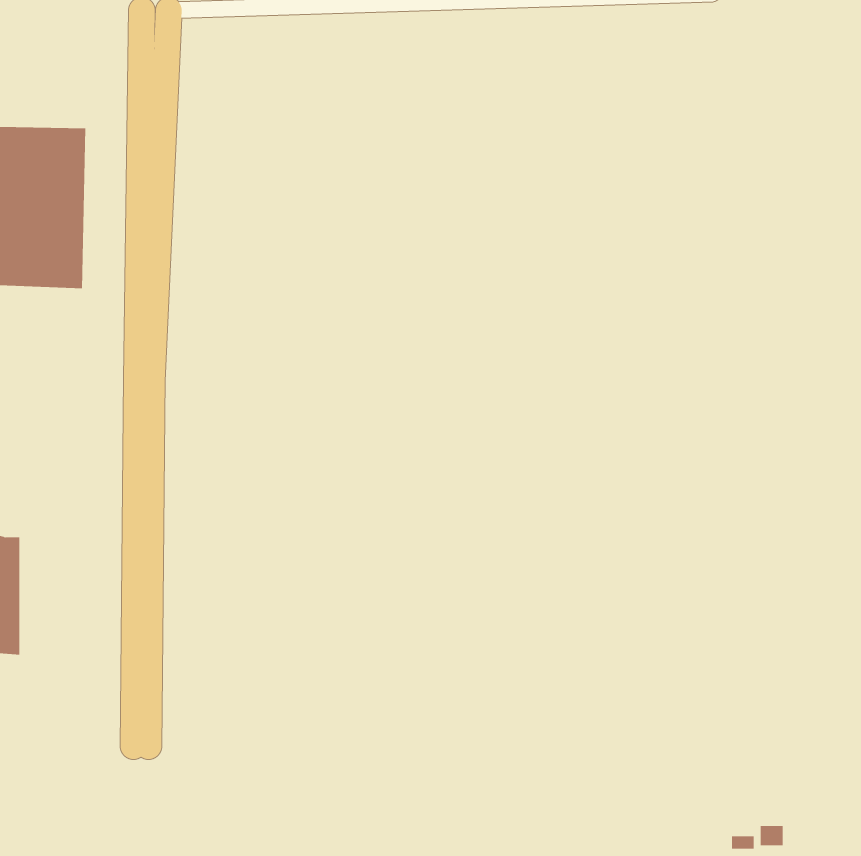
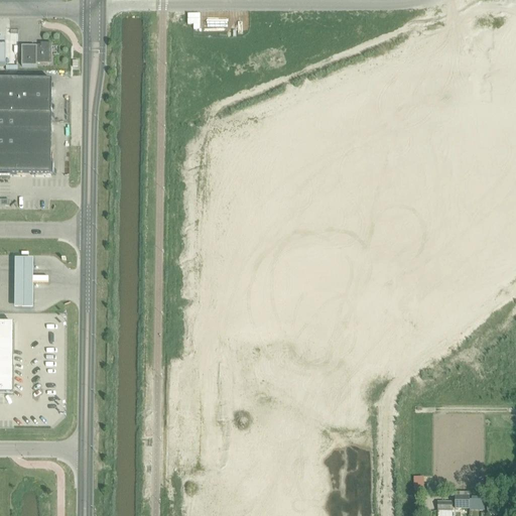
building: none -> [20,40,50,62]
building: none -> [13,257,32,308]

